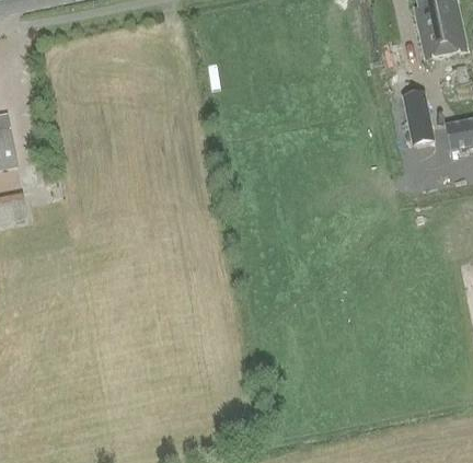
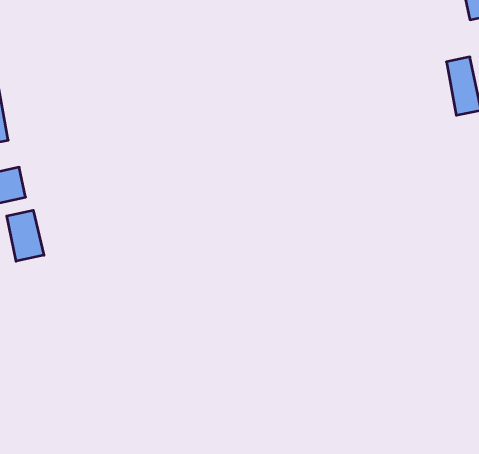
building: none -> [7,210,44,261]

